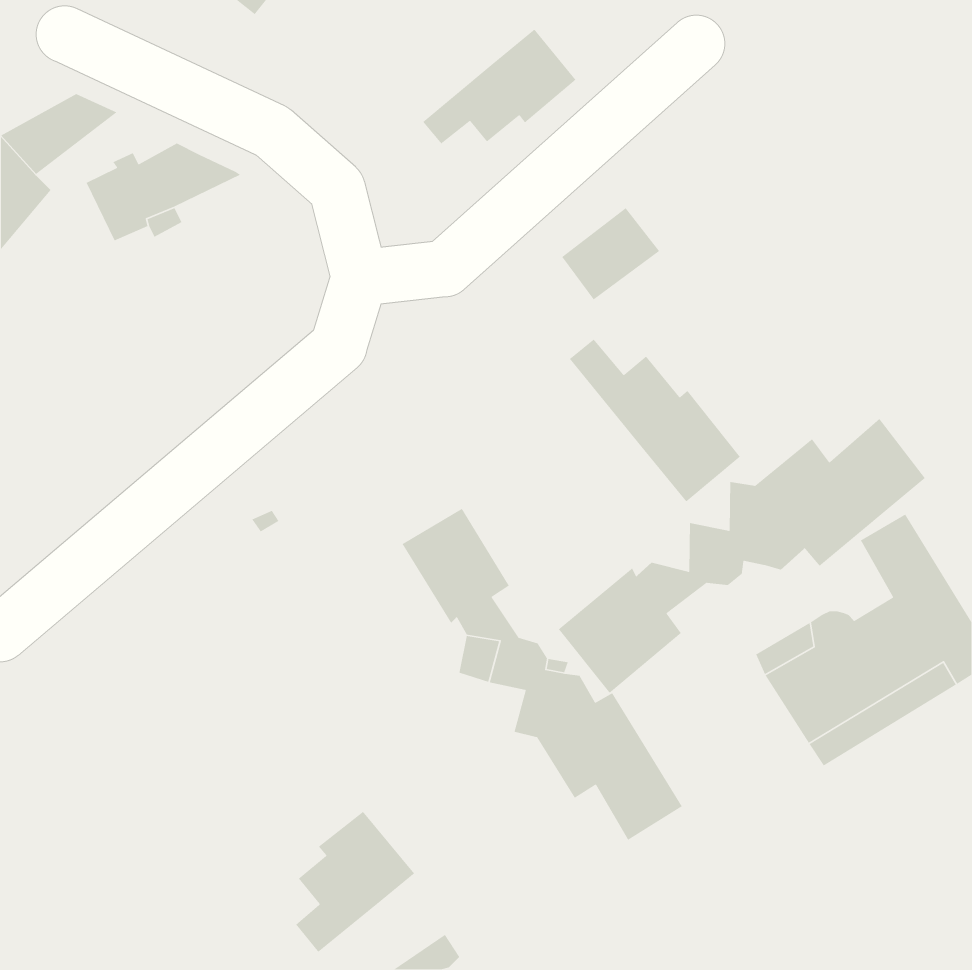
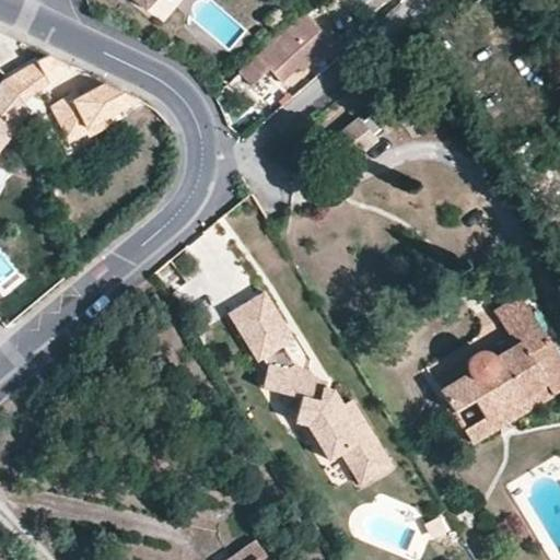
building: [569,339,741,502] -> none
building: [558,418,926,694] -> none
building: [295,811,415,953] -> none

